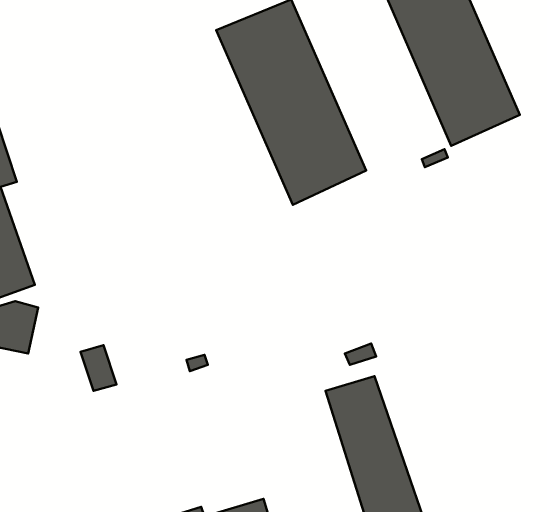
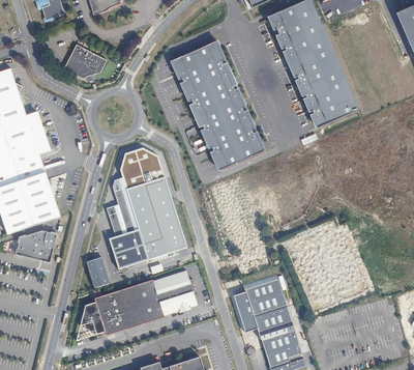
building: none -> [56,46,99,79]
building: none -> [103,156,182,269]
building: none -> [72,271,193,343]

